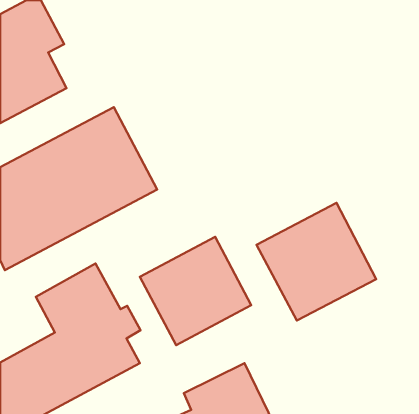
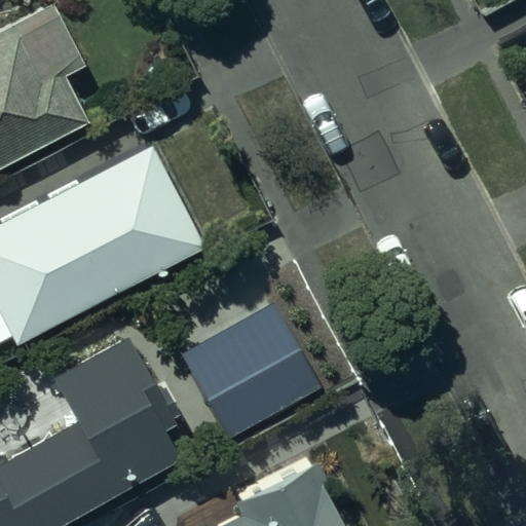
building: [257,203,376,321] -> none

